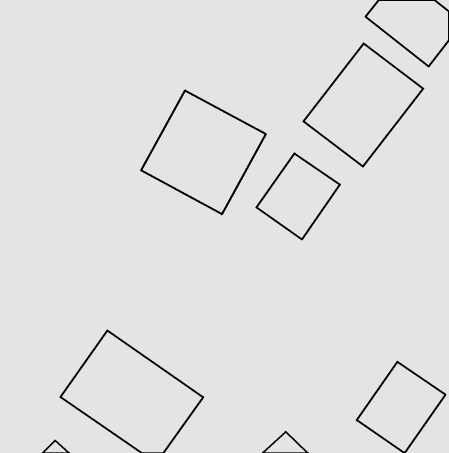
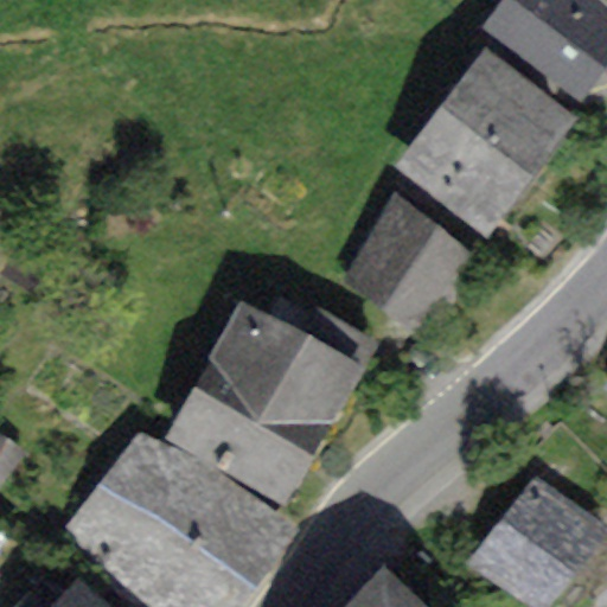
building: [141,90,266,214] -> none
building: none -> [168,309,370,499]

